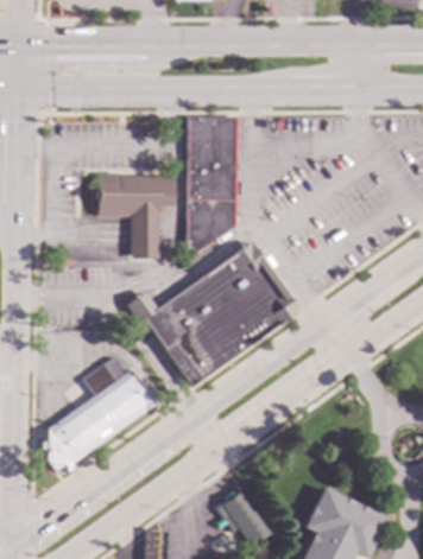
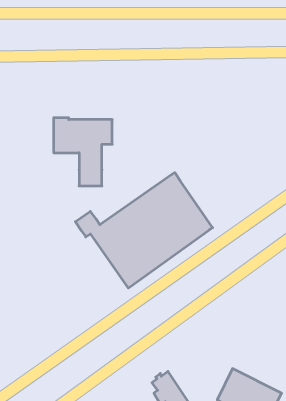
building: [189,116,233,254] -> none
building: [43,358,156,475] -> none

